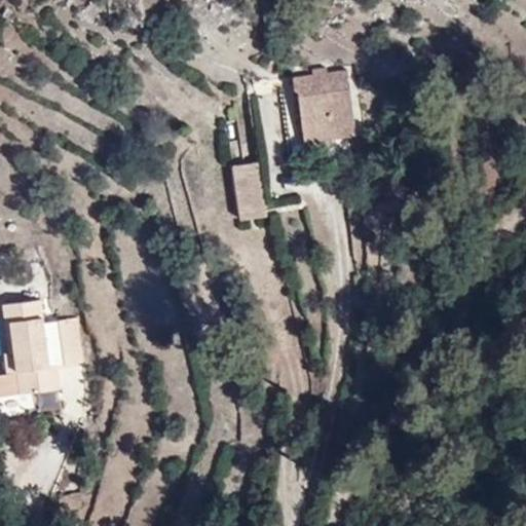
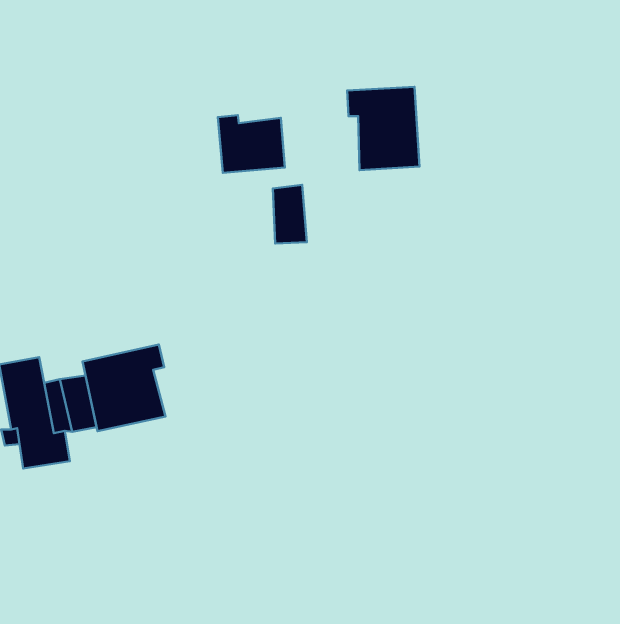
building: none -> [218,115,285,173]
building: none -> [83,345,166,431]

